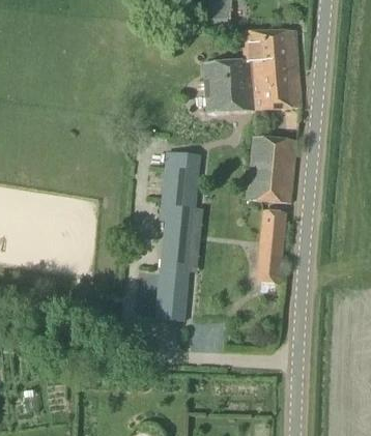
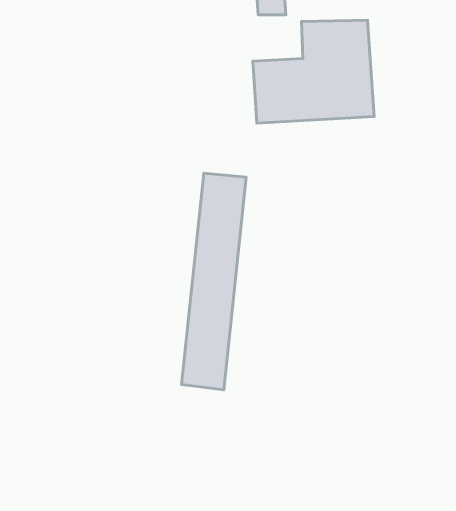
building: [249,137,297,203] -> none
building: [257,211,286,284] -> none

